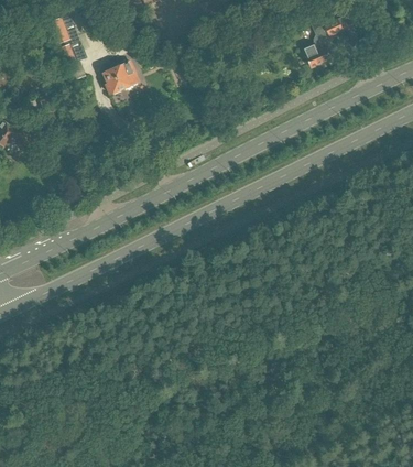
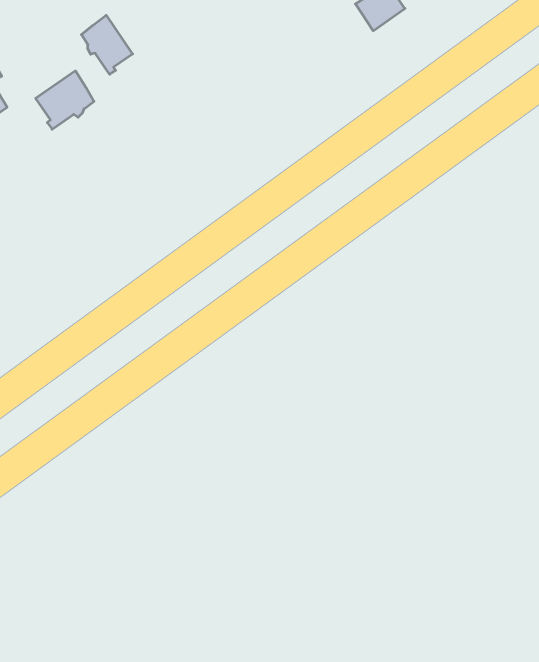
building: none -> [81,15,133,74]

